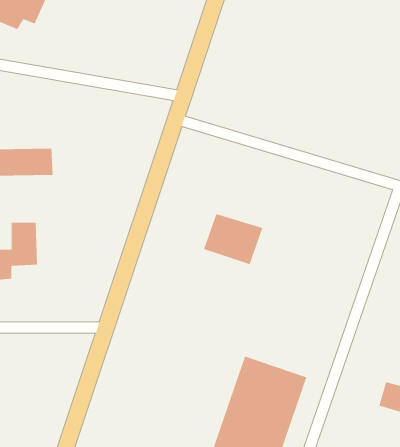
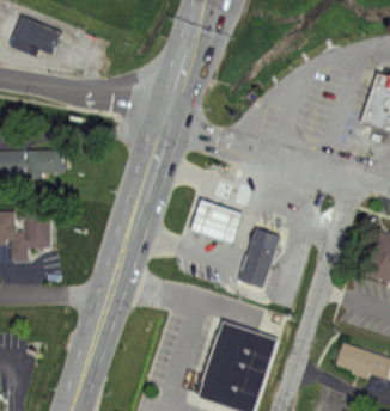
building: none -> [237,232,275,287]

